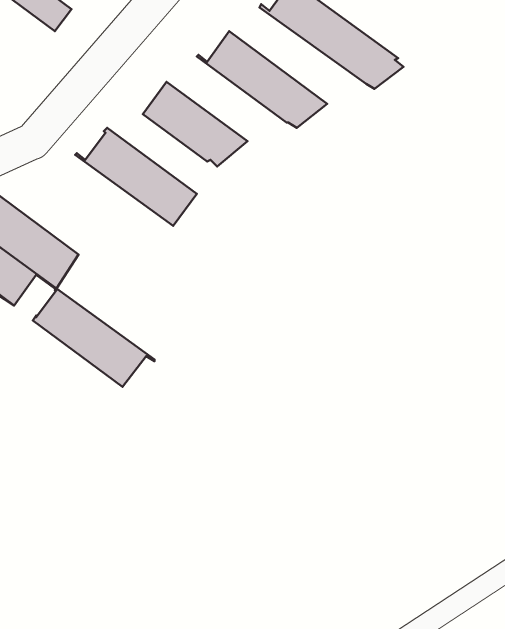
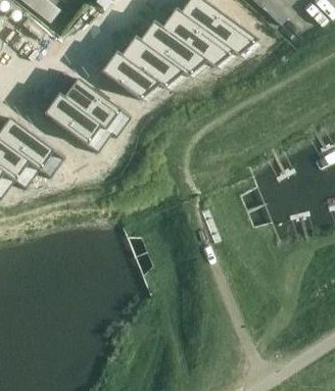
building: none -> [154,7,237,68]
building: none -> [116,37,189,92]
building: [33,289,155,387] -> [47,96,121,155]

